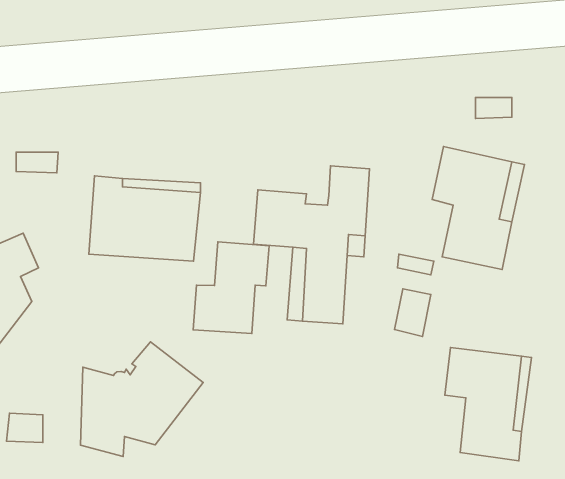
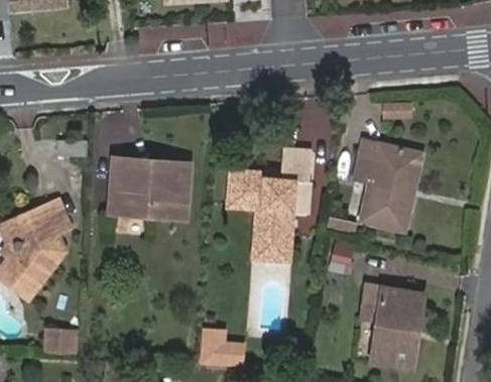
building: [193,242,269,334] -> none
building: [81,342,203,456] -> none
building: none -> [204,331,243,363]

